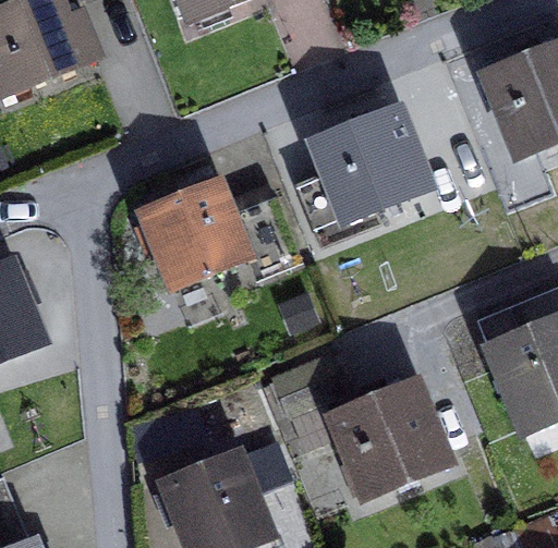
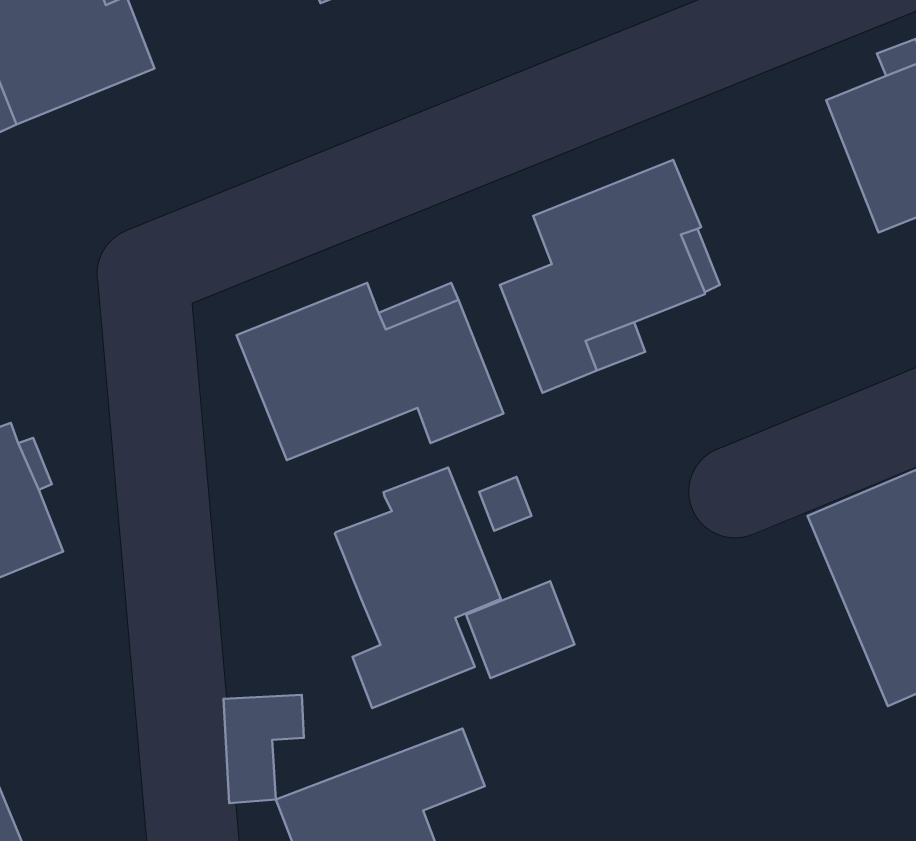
building: none -> [335,468,501,708]
building: [329,385,446,498] -> none

